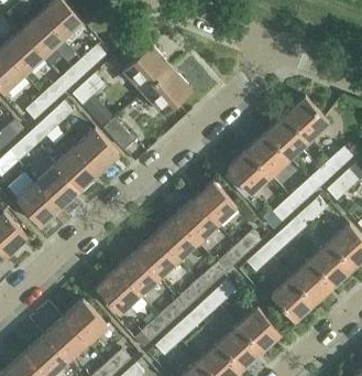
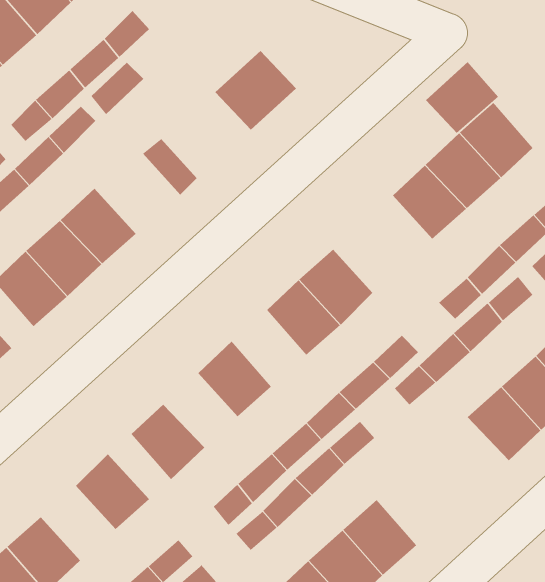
building: [124,44,171,90] -> none
building: none -> [425,61,499,134]
building: [75,128,119,172] -> none
building: [227,150,270,194] -> none
building: [154,216,197,260] -> none
building: [114,253,157,296] -> none
building: [270,278,314,322] -> none
building: [238,308,281,352] -> none
building: [44,318,87,361] -> none

